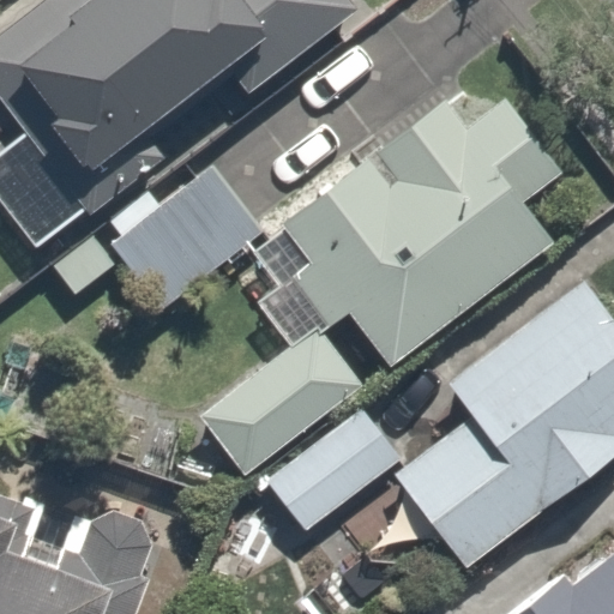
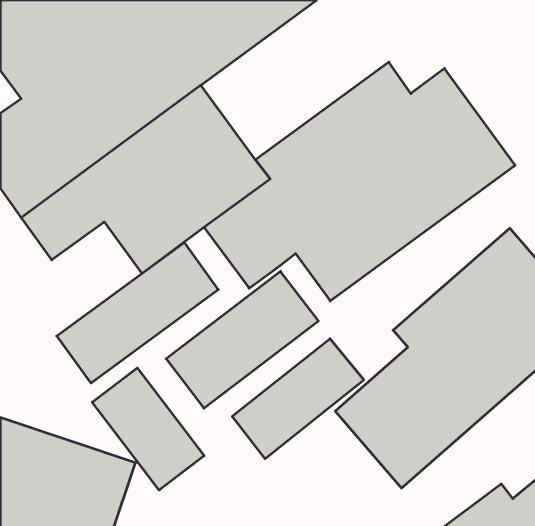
building: none -> [57,243,218,383]
building: none -> [92,368,204,490]

